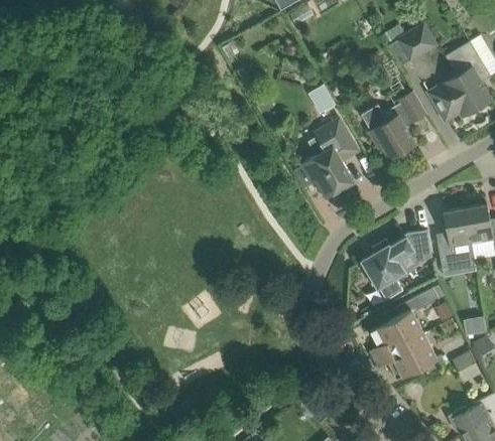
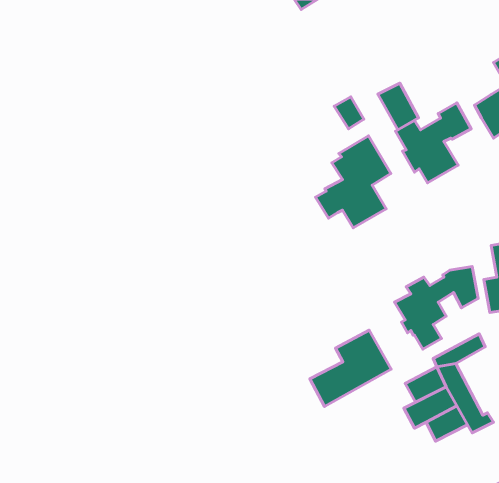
building: [396,22,439,63] -> none
building: none -> [378,83,418,130]
building: none -> [310,330,391,406]

